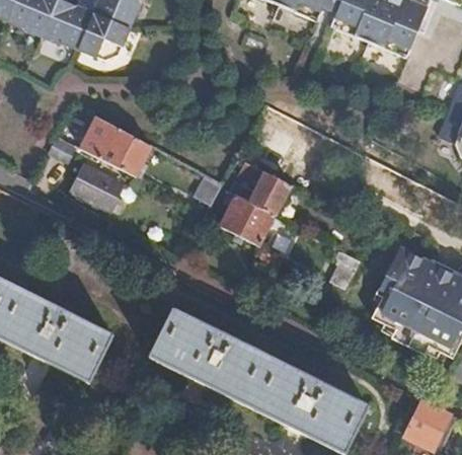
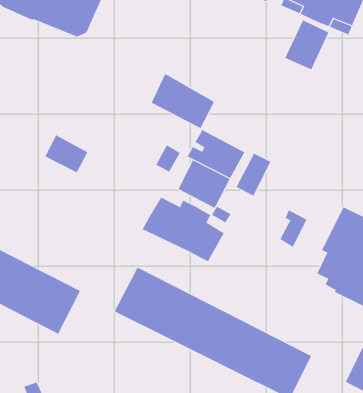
building: none -> [285,19,329,70]
building: [80,113,150,174] -> [151,73,215,129]
building: none -> [236,153,271,197]
building: none -> [142,197,225,262]

